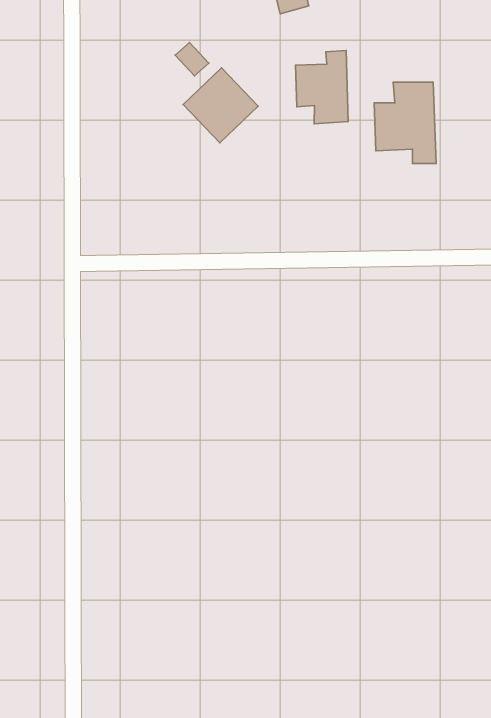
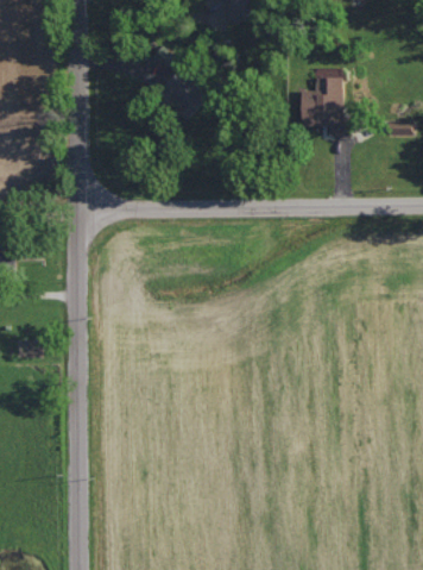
building: [295,50,348,124] -> none

